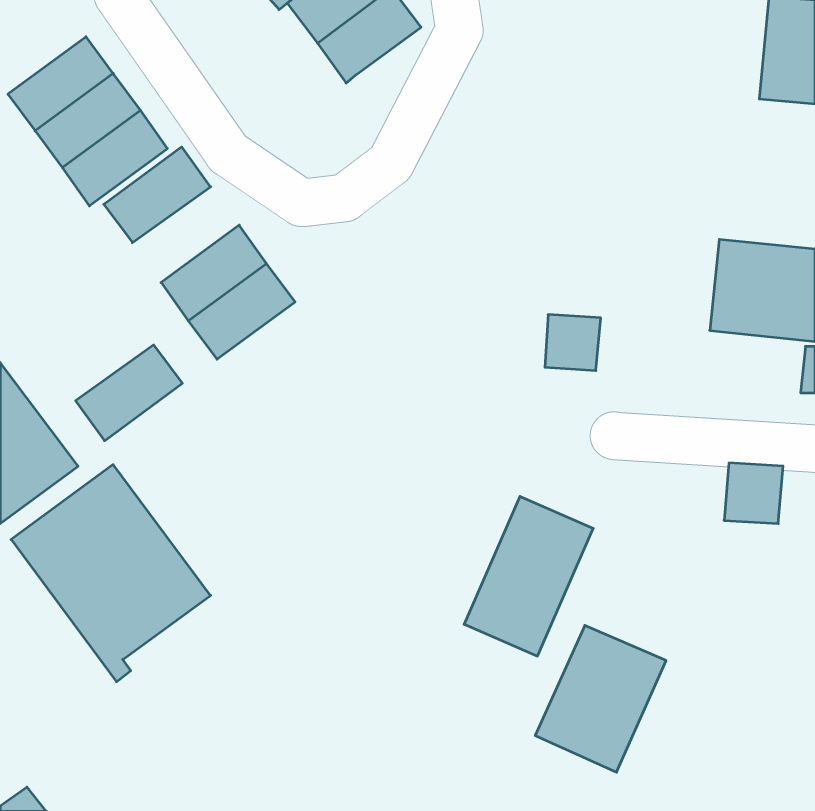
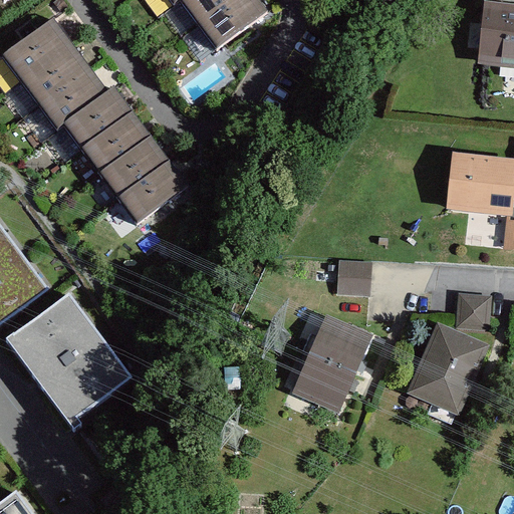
building: [545,315,601,371] -> [338,259,373,294]
building: [76,345,182,441] -> [83,117,151,178]
building: [535,625,666,772] -> [407,322,489,415]

